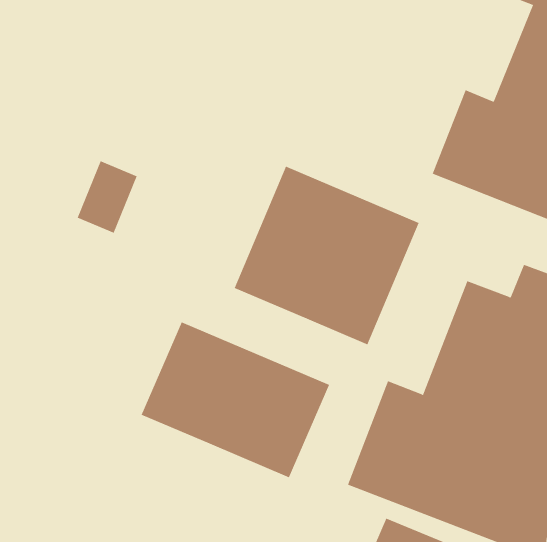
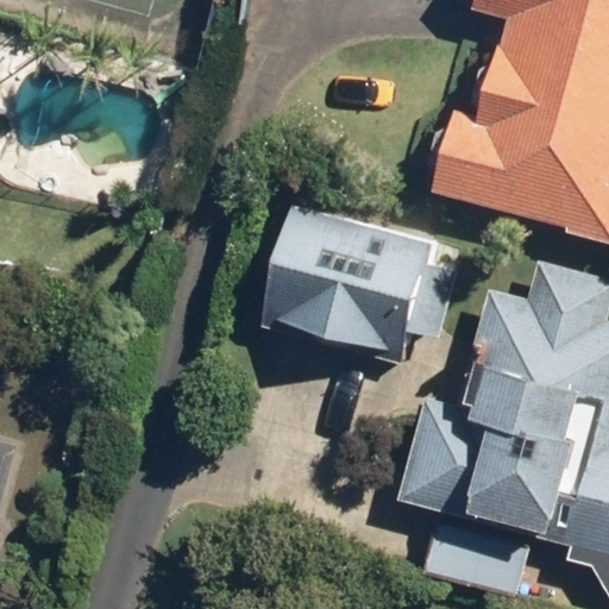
building: [141,321,330,478] -> none

